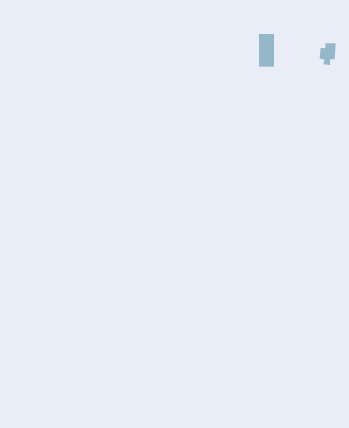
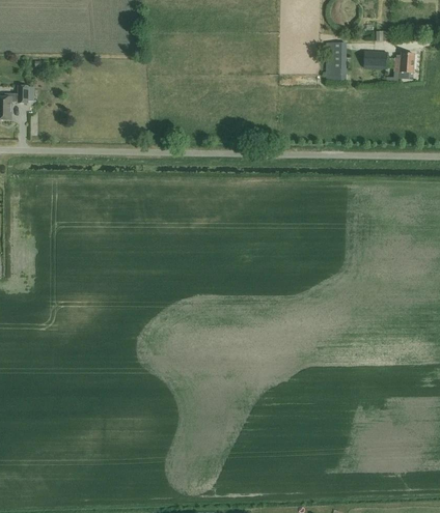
building: none -> [363,51,387,68]

